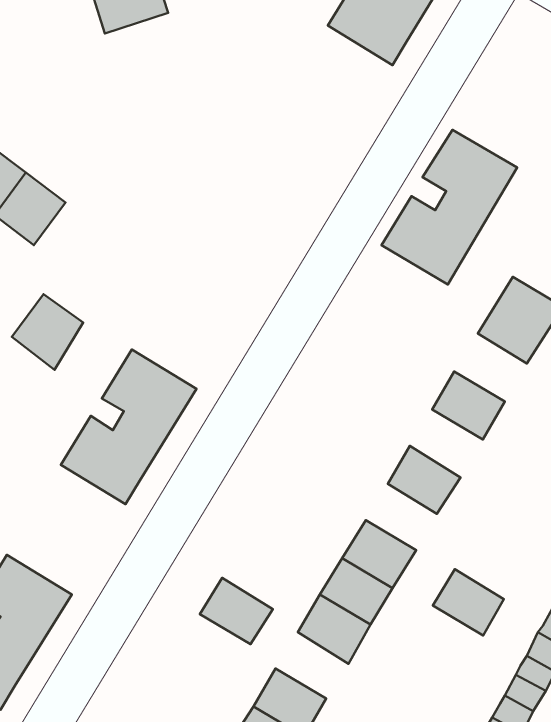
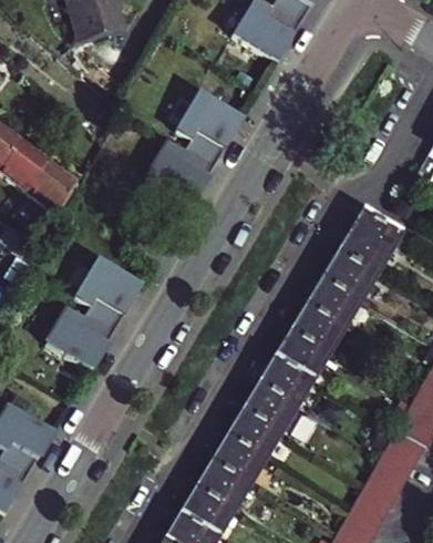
building: [381,130,517,285] -> [148,94,244,203]
building: [12,294,83,370] -> [29,157,79,211]
building: none -> [323,249,374,297]
building: none -> [292,303,343,350]
building: [433,569,504,635] -> [261,355,311,401]
building: [200,578,273,644] -> [198,459,249,505]

